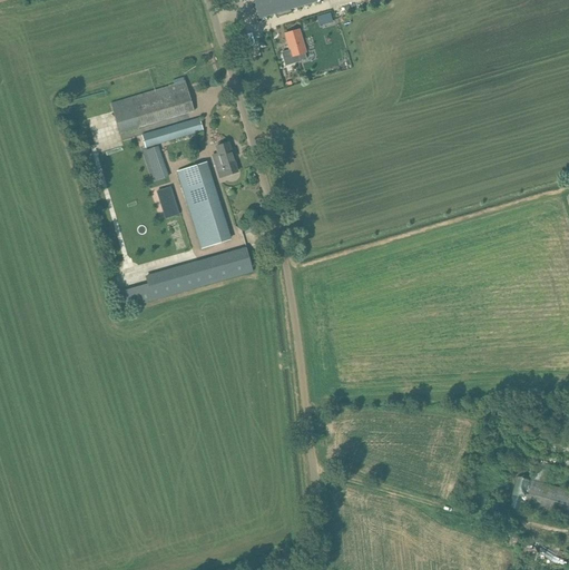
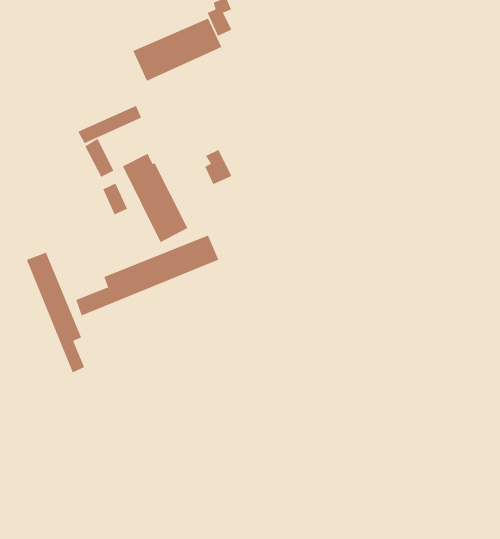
building: [110,80,194,131] -> [133,18,222,81]
building: [213,140,237,173] -> [204,149,232,185]
building: none -> [26,252,85,373]

